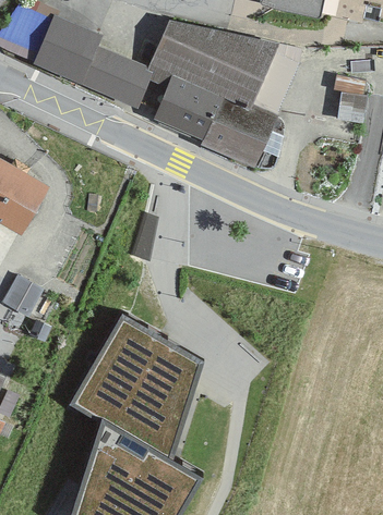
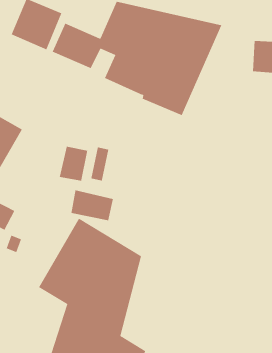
building: none -> [59,146,88,182]
building: none -> [71,190,113,221]

